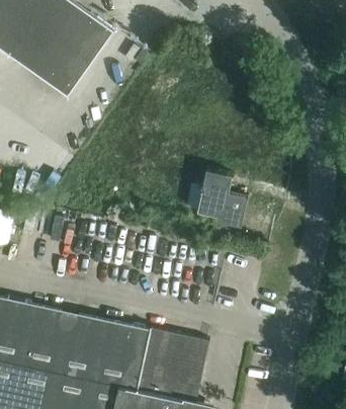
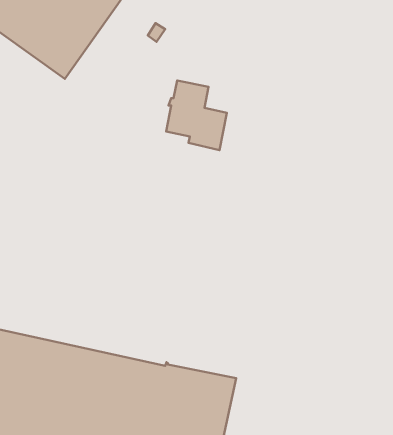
building: [197,170,247,227] -> [166,81,227,150]

